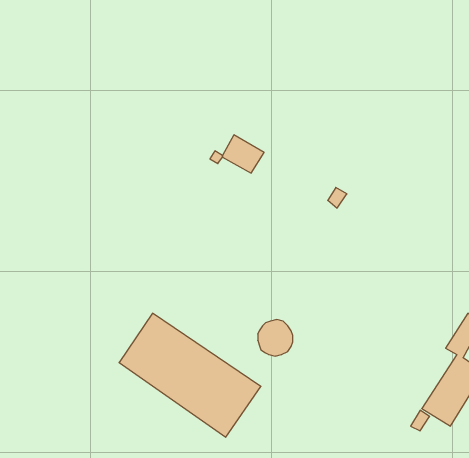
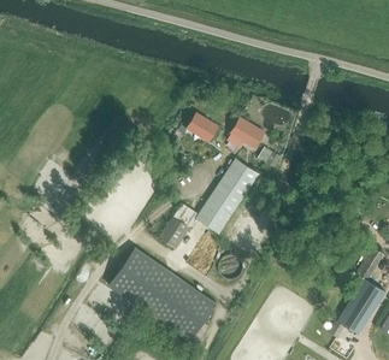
building: none -> [228,118,264,149]
building: none -> [159,159,258,250]

